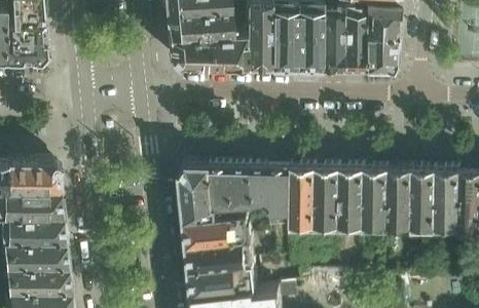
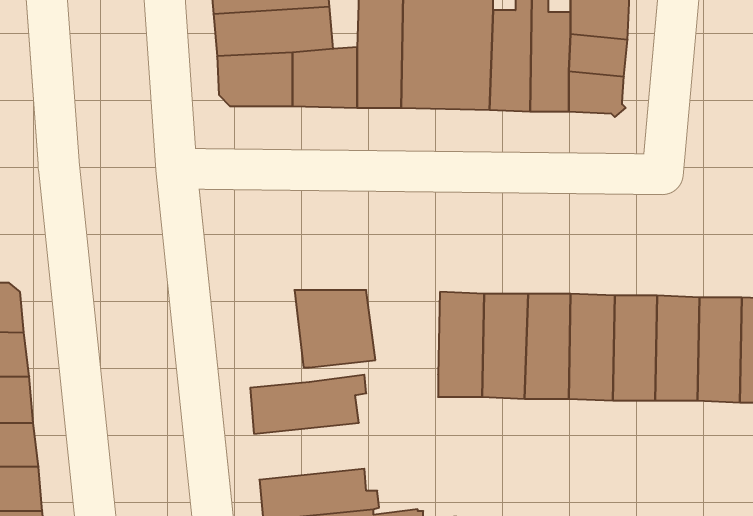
building: [182,169,220,225] -> none
building: [252,170,293,220] -> none
building: [189,243,255,276] -> none

